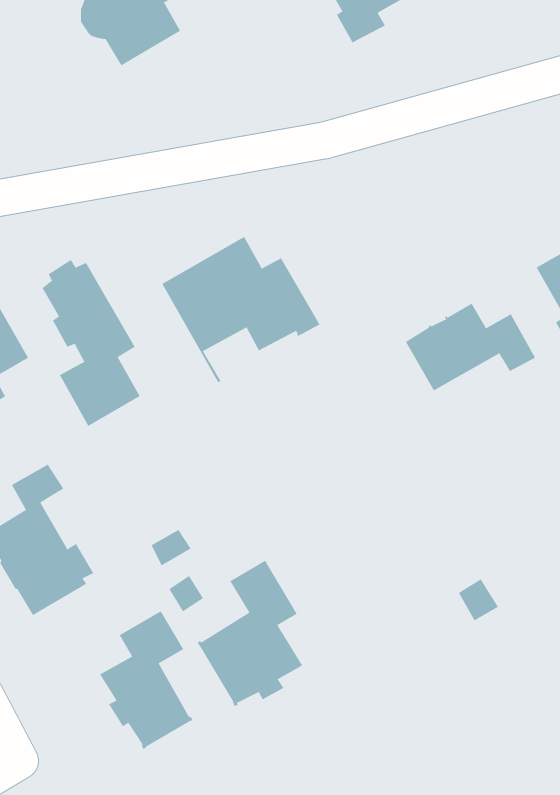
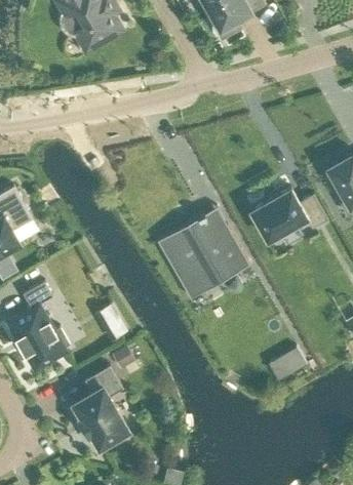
building: [161,236,320,383] -> [157,214,249,299]
building: [42,259,141,427] -> none
building: [197,560,303,707] -> none

